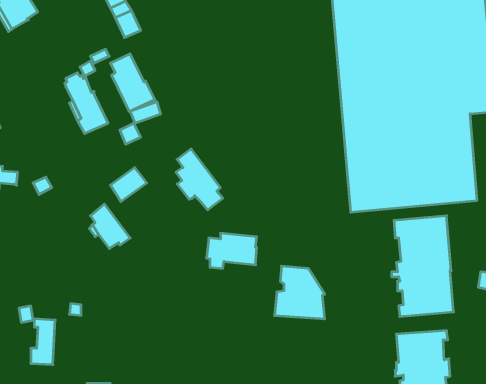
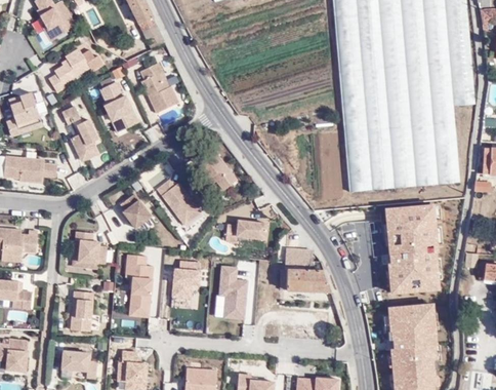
building: none -> [47,47,90,91]
building: none -> [60,105,99,162]
building: none -> [158,179,201,224]
building: none -> [75,238,106,269]
building: none -> [125,254,153,316]
building: none -> [172,259,201,299]
building: none -> [215,264,248,319]

